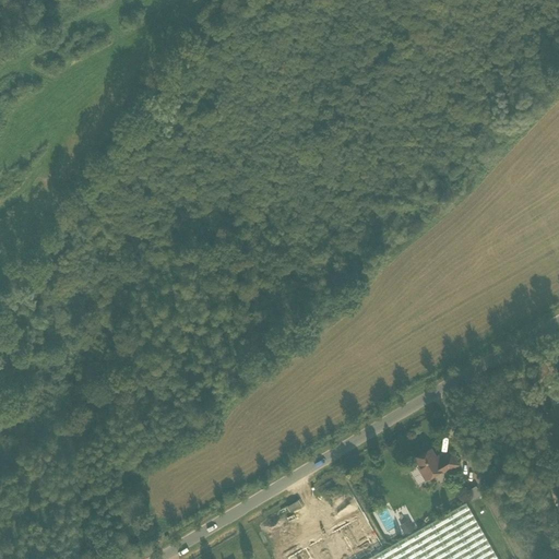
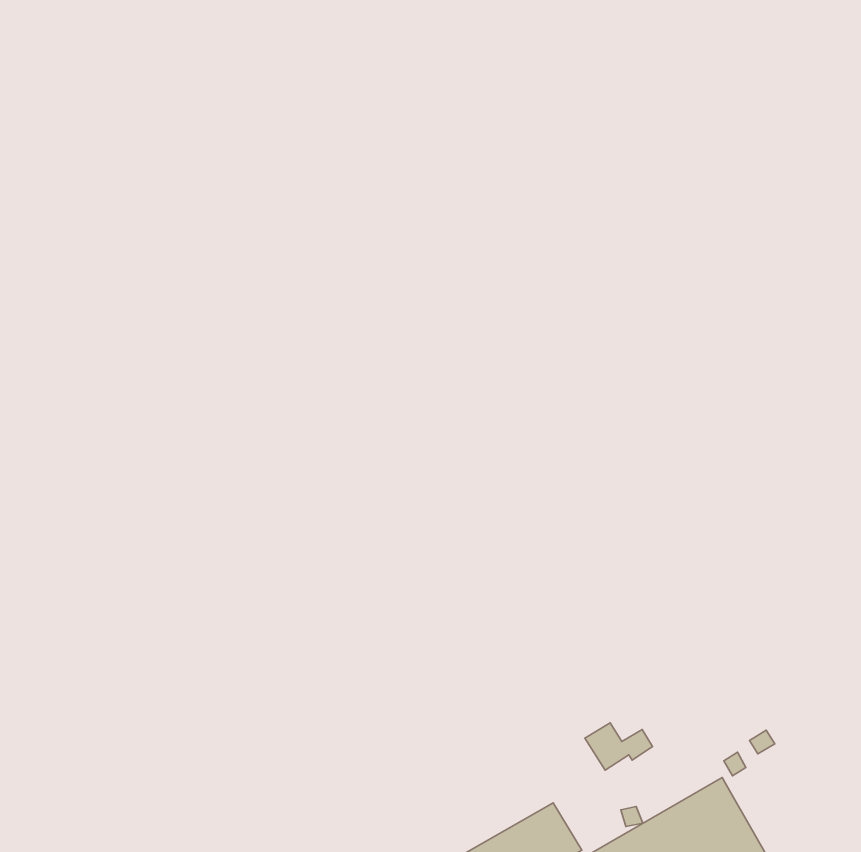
building: [417,456,461,487] -> [585,723,652,770]

